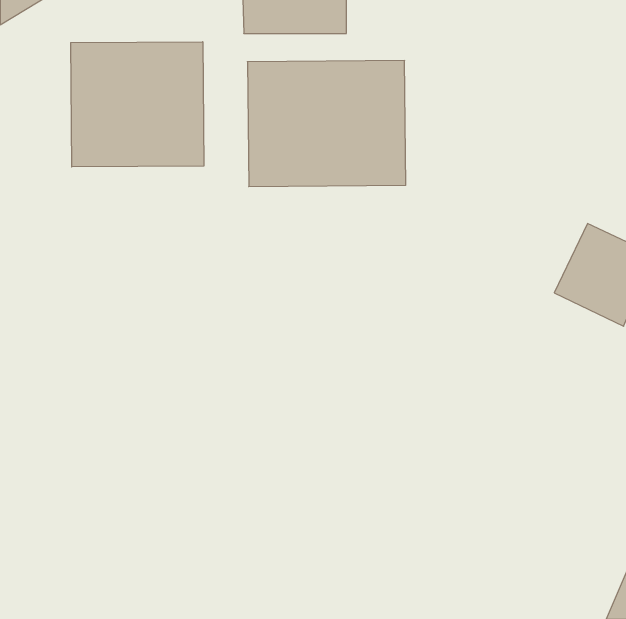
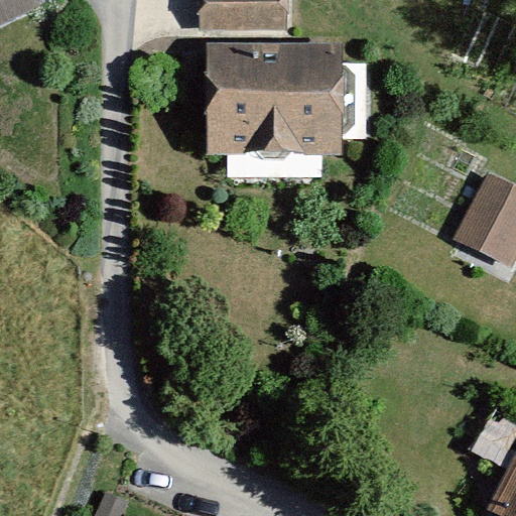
building: [71,42,204,167] -> none

